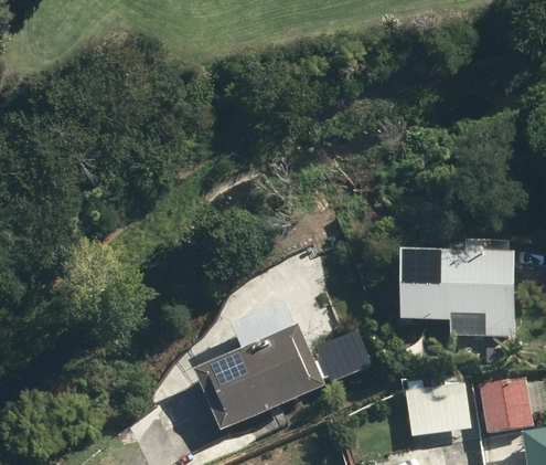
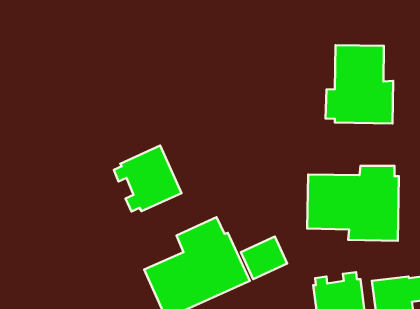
building: none -> [326,45,393,123]
building: none -> [114,146,182,212]

